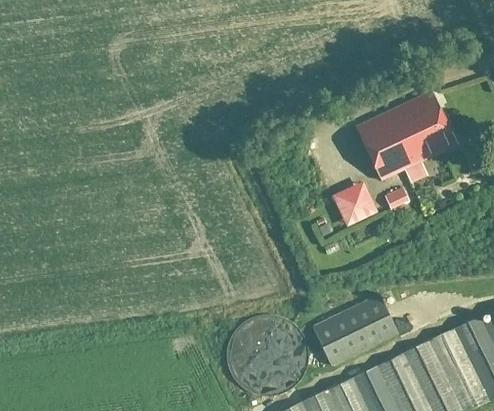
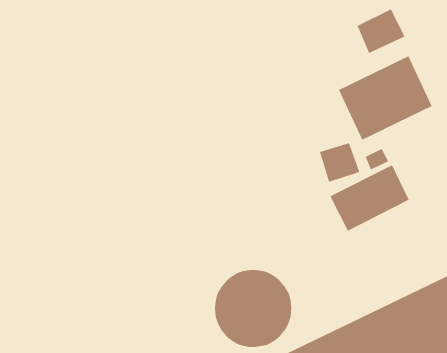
building: none -> [357,9,405,54]
building: [313,295,397,365] -> [329,165,410,231]

